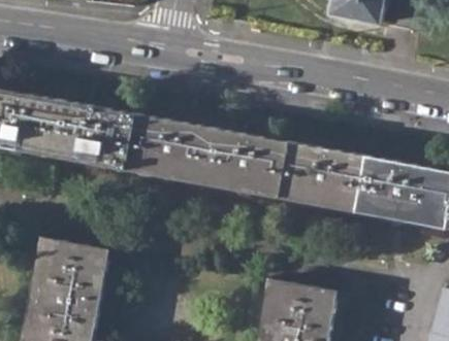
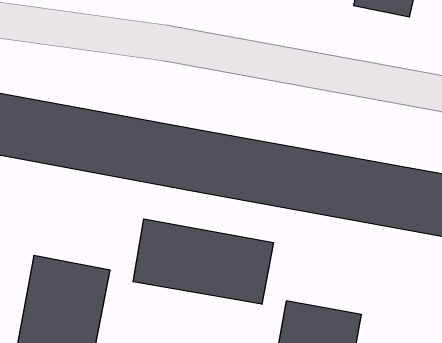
building: none -> [133,219,273,304]

